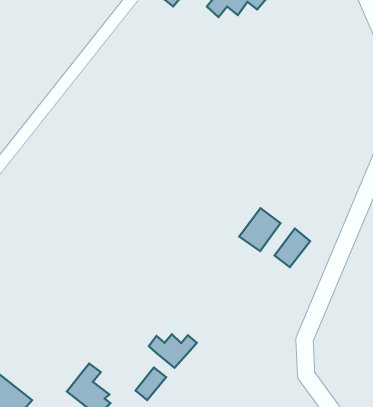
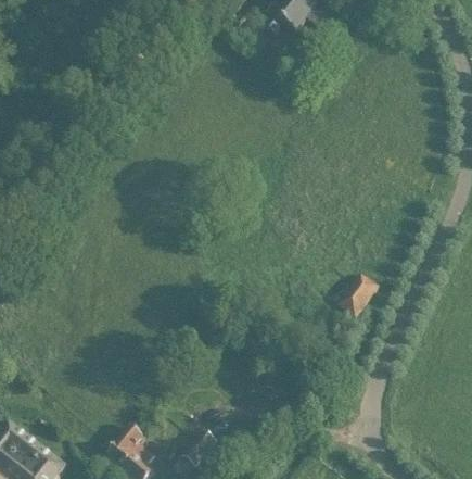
building: [239,208,280,251] -> none
building: [149,334,197,368] -> none

